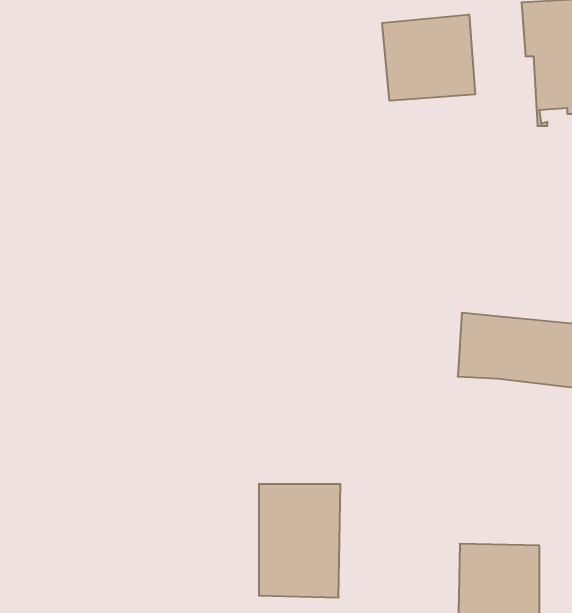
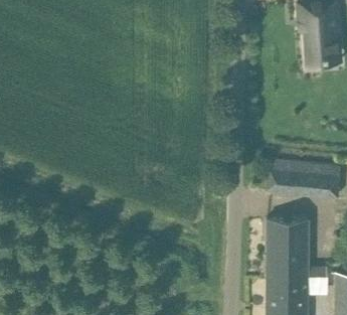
building: [382,14,475,101] -> none
building: [259,484,340,598] -> [267,219,308,277]

